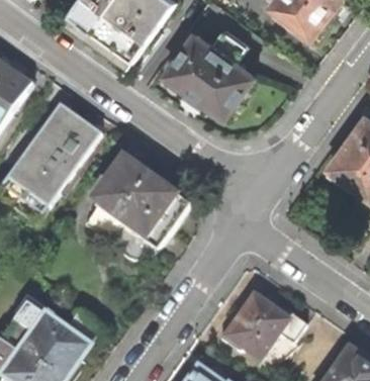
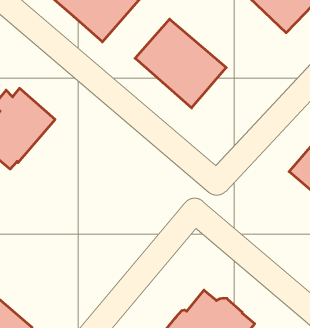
building: [84,158,188,259] -> none

